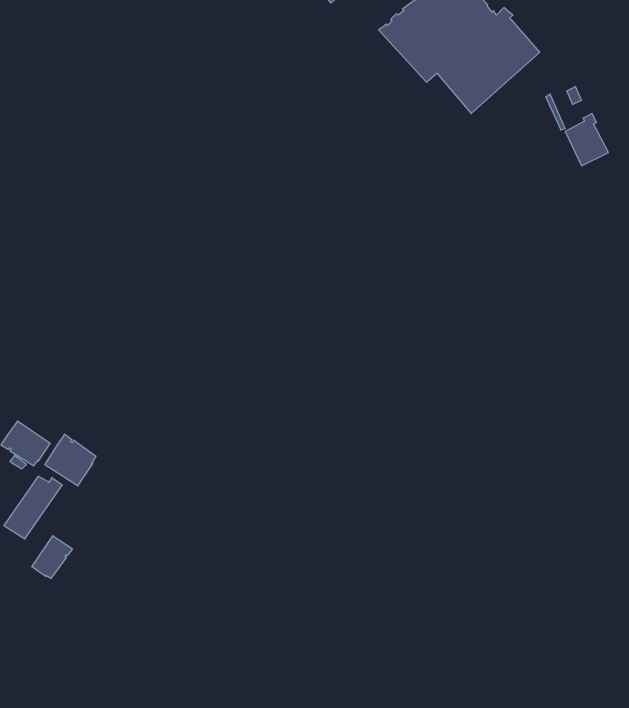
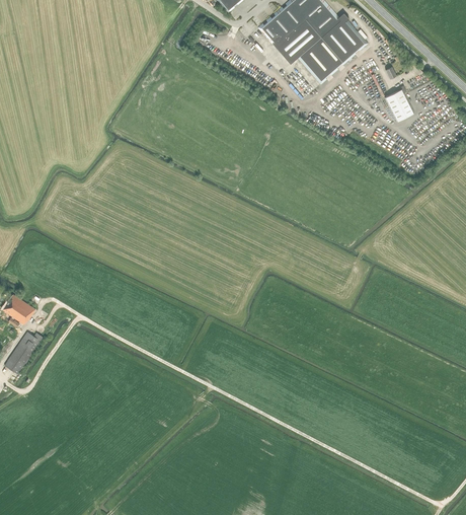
building: [45,434,96,486] -> none
building: [32,536,72,579] -> none

